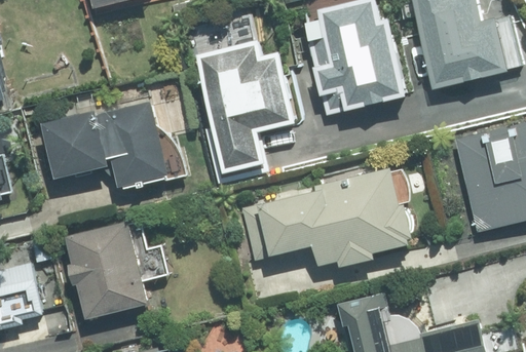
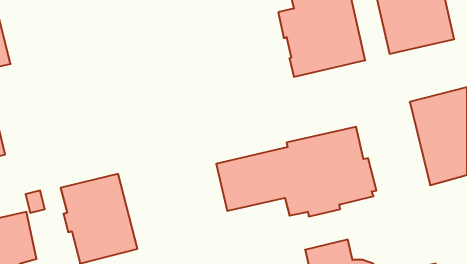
building: [196,41,295,179] -> none
building: [43,100,173,187] -> none

